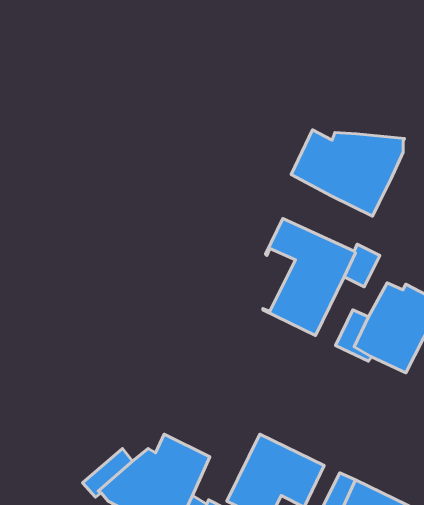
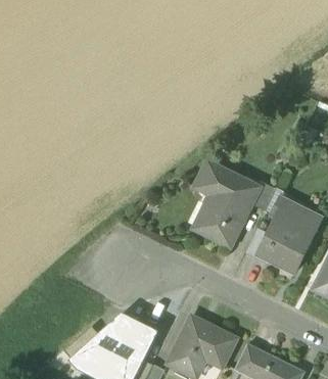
building: [291,130,404,216] -> none

